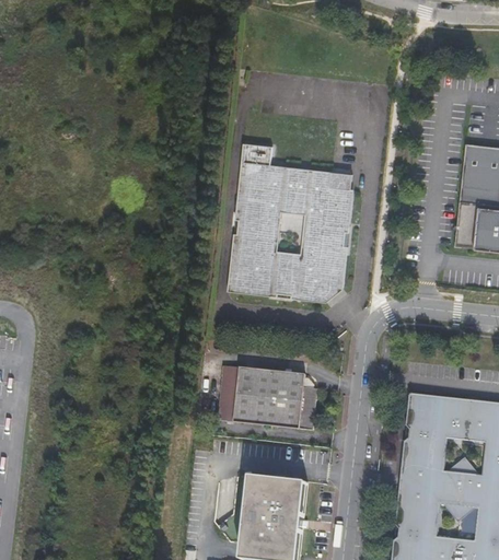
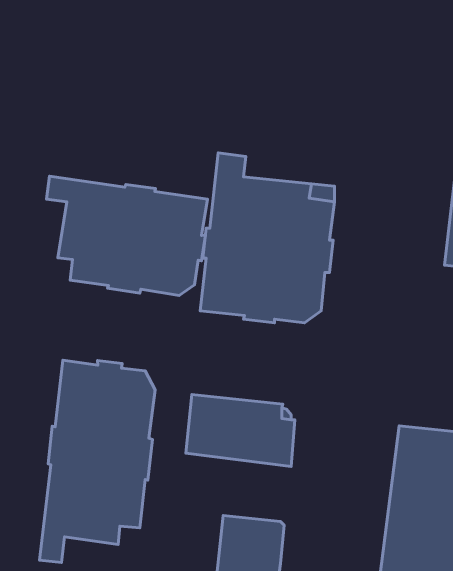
building: none -> [47,176,207,295]
building: none -> [40,360,155,563]

